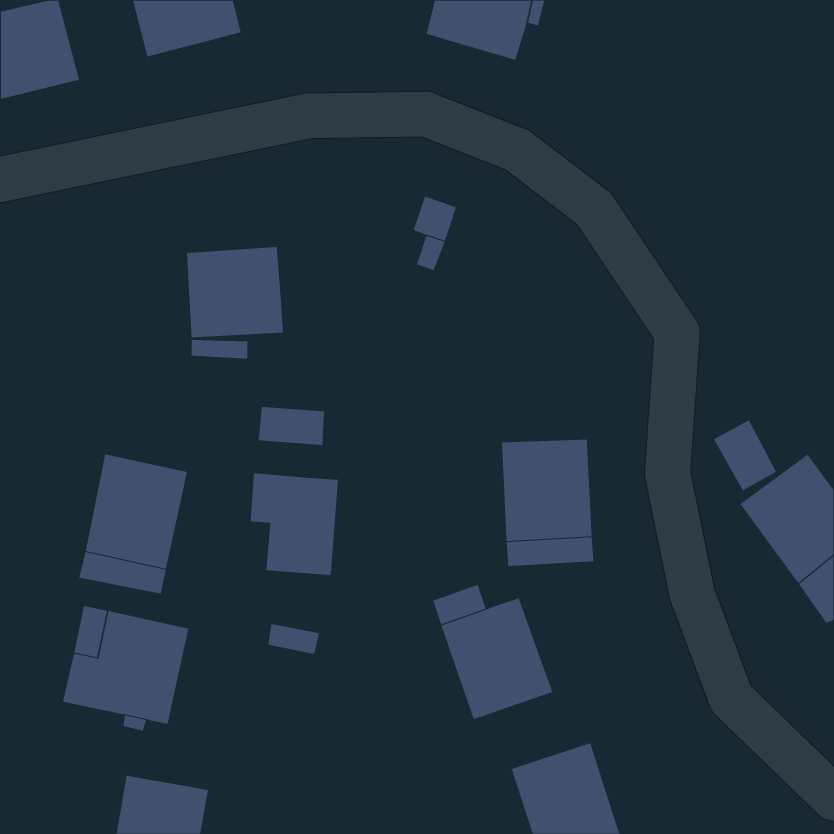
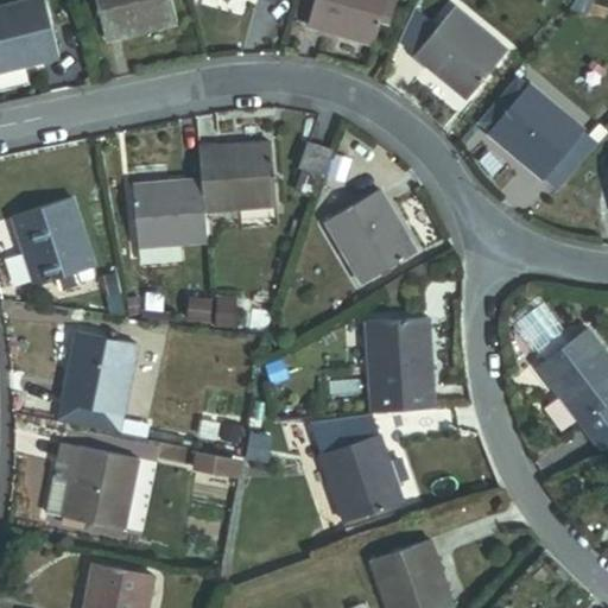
building: none -> [413,6,507,99]
building: none -> [489,86,584,179]
building: none -> [201,144,277,210]
building: none -> [324,189,413,281]
building: none -> [14,197,95,285]
building: [250,472,338,576] -> none

